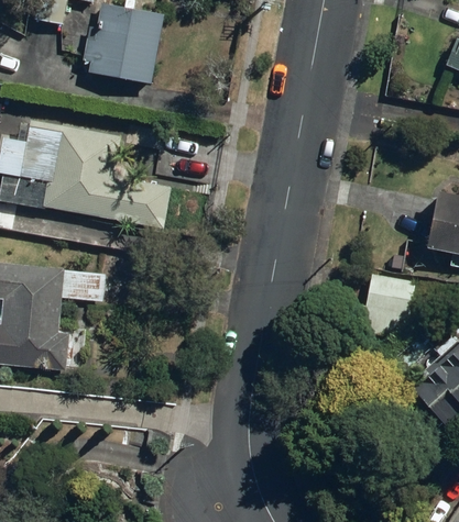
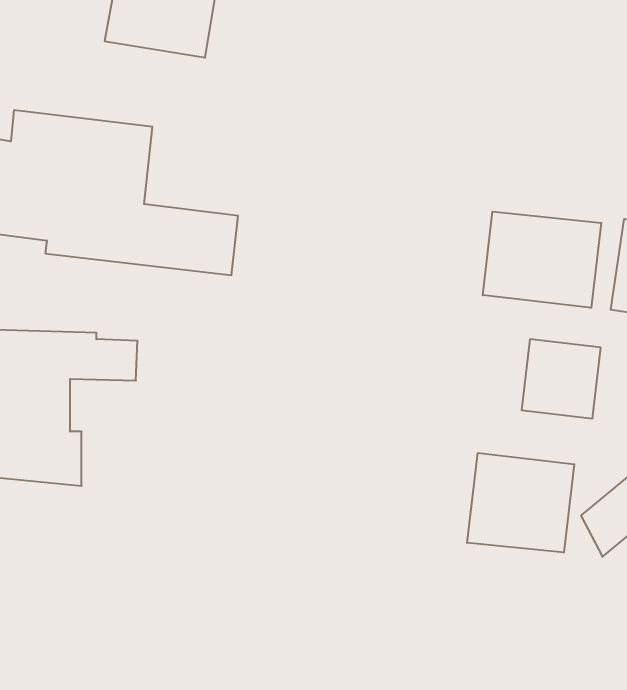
building: none -> [483,212,601,308]
building: none -> [467,453,574,553]

